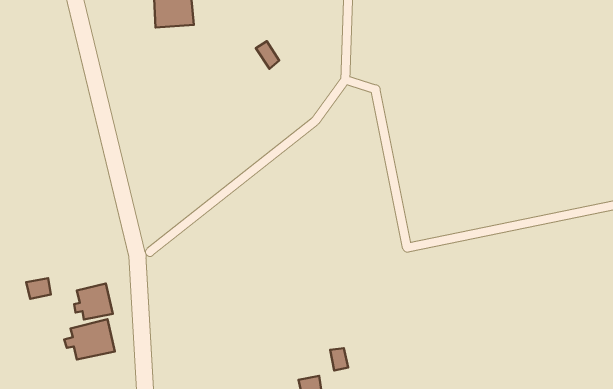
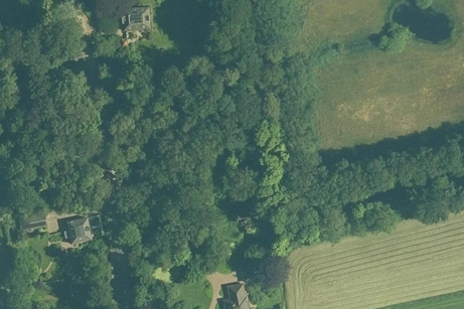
building: [64,319,115,360] -> none

